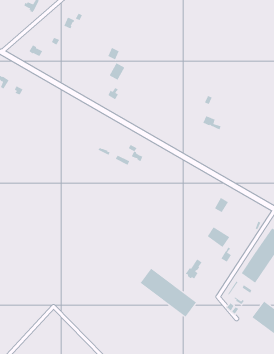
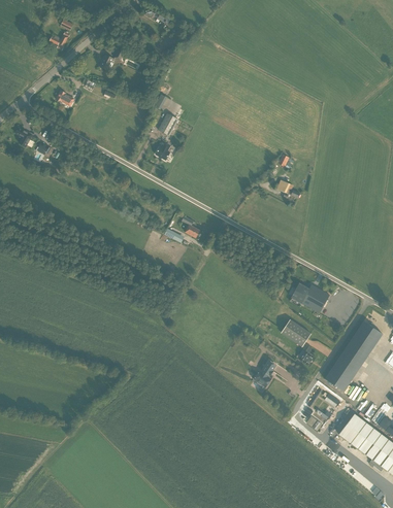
building: none -> [301,284,330,312]
building: [140,268,197,318] -> none

